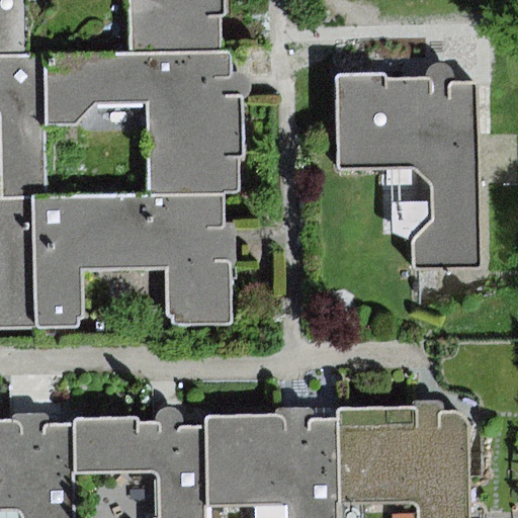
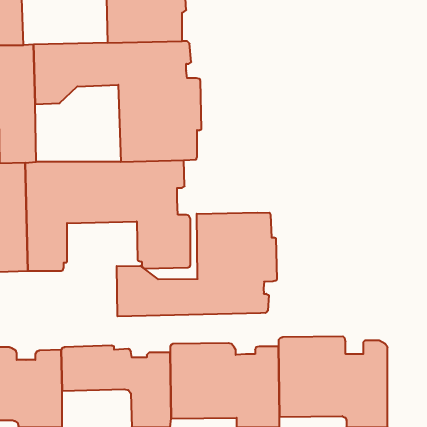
building: [334,73,480,268] -> none
building: none -> [117,213,277,316]

